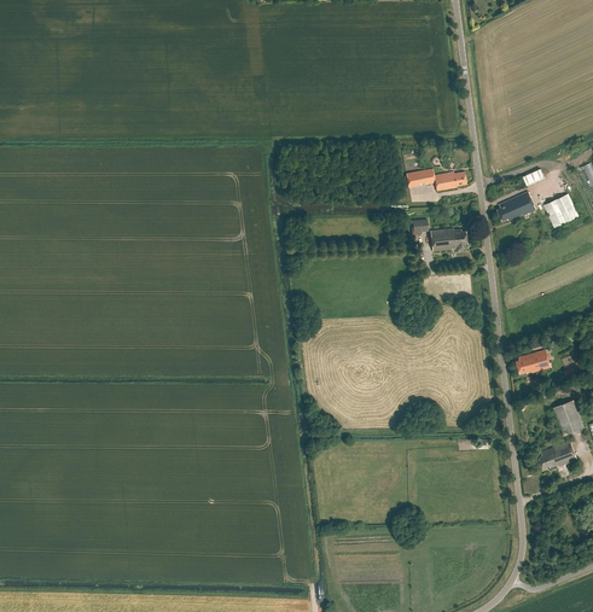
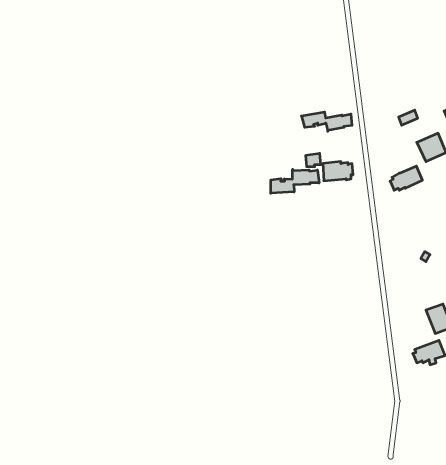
building: [496,191,535,220] -> [390,166,422,190]
building: none -> [271,169,319,193]
building: [516,348,551,373] -> none

